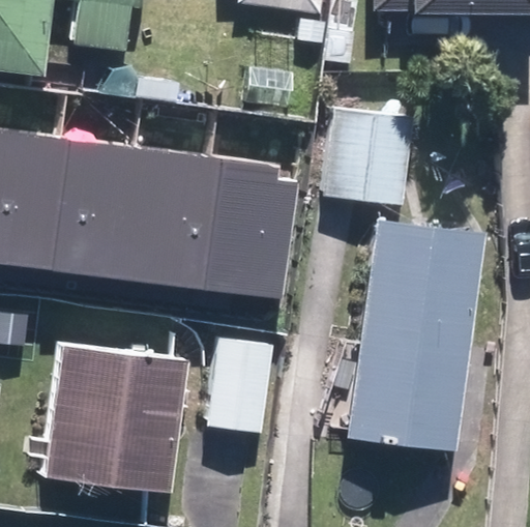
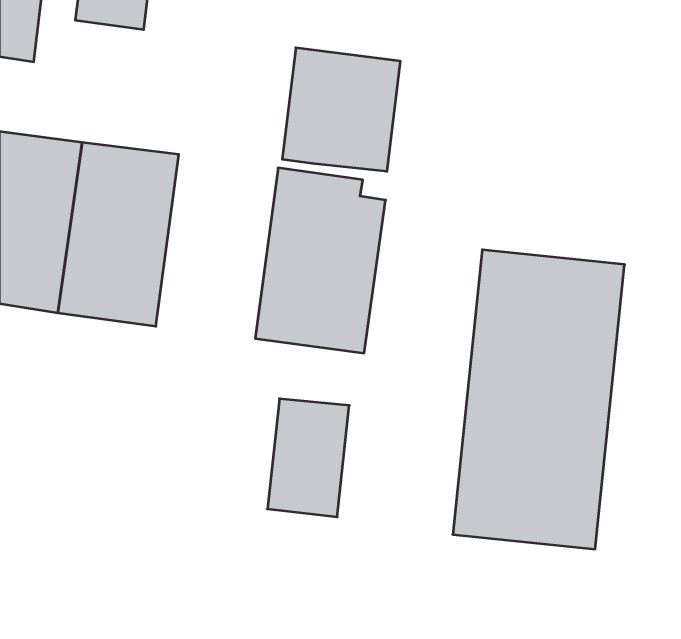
building: [318,105,409,200] -> [282,48,400,171]
building: [121,147,215,289] -> none
building: [43,346,185,493] -> none

